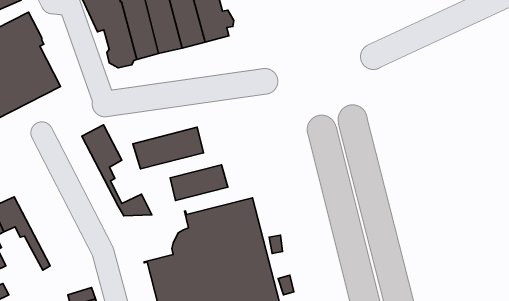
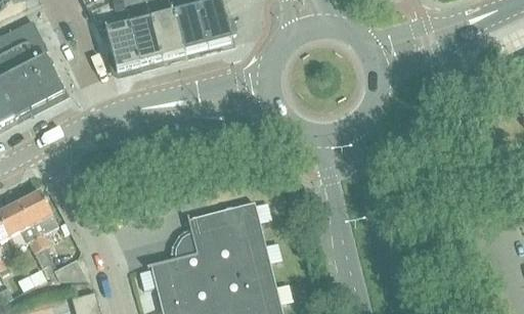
building: [82,125,152,216] -> [17,189,87,279]
building: [133,127,203,169] -> none
building: [170,165,228,201] -> none

